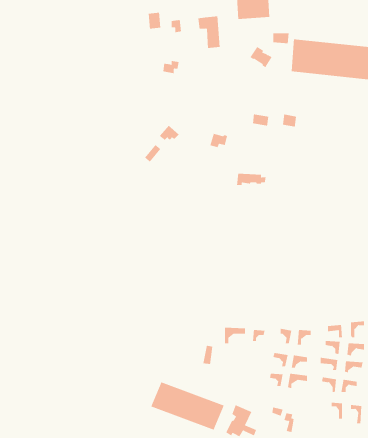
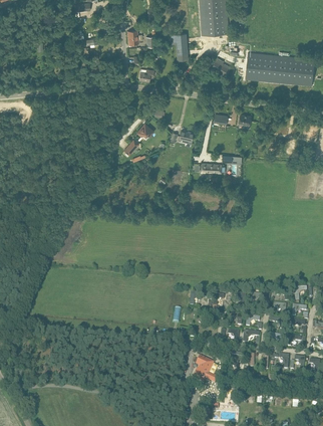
building: [151,381,224,431] -> none

